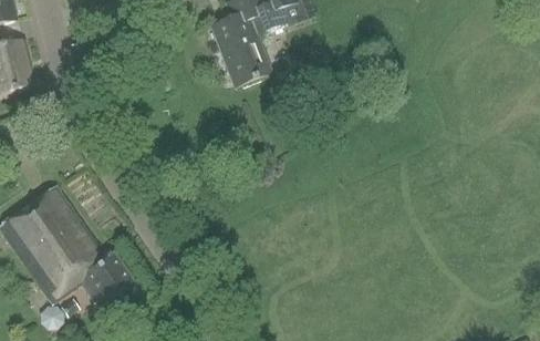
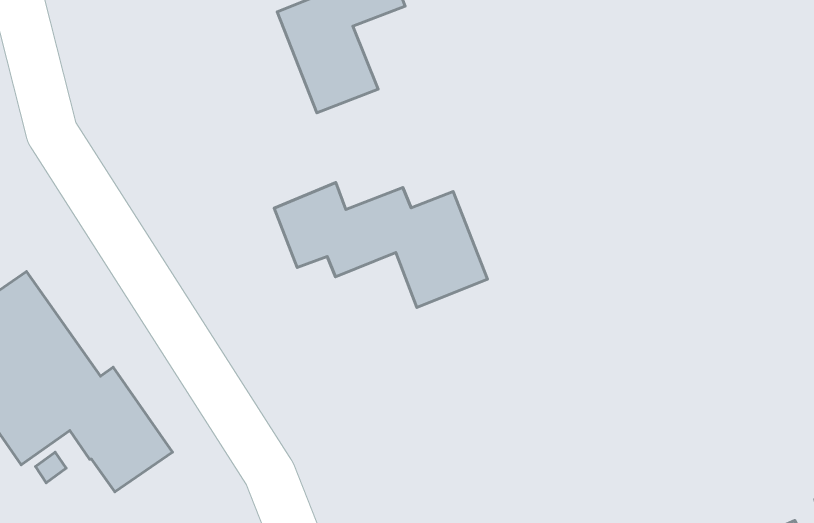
building: none -> [274,182,488,308]

